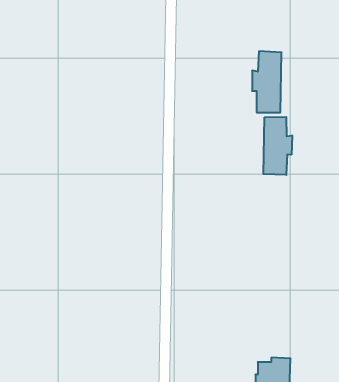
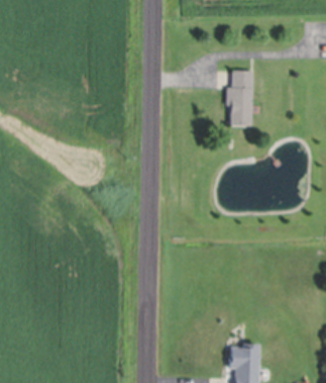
building: [263,117,292,175] -> none

